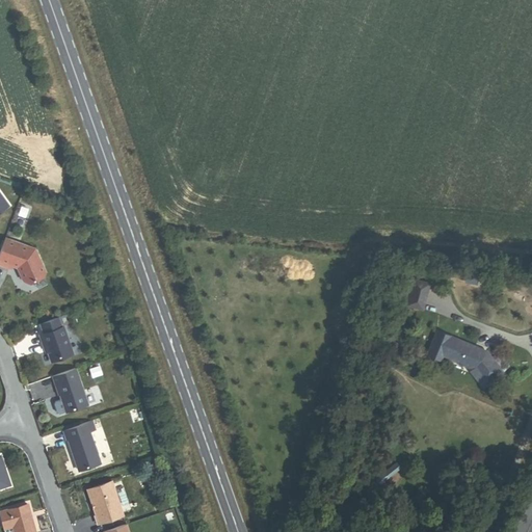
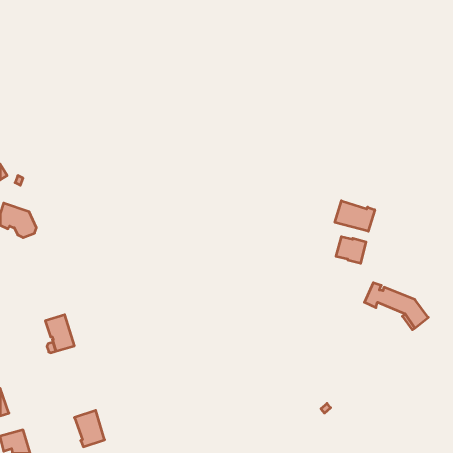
building: none -> [335,201,375,231]
building: [39,316,73,362] -> none
building: [63,421,100,471] -> none

